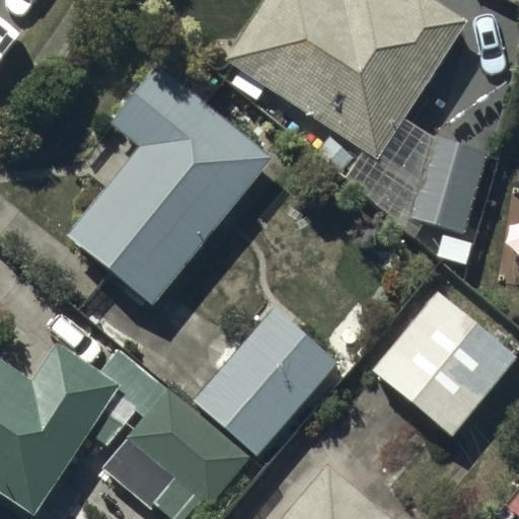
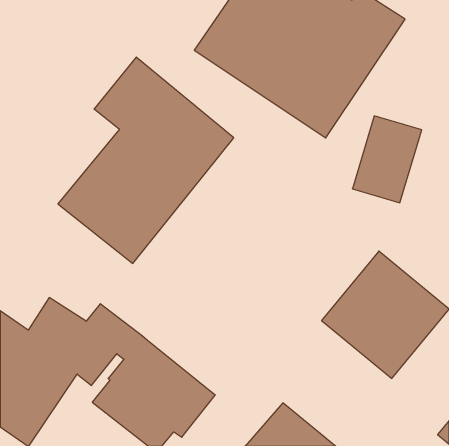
building: [192,308,338,457] -> none

